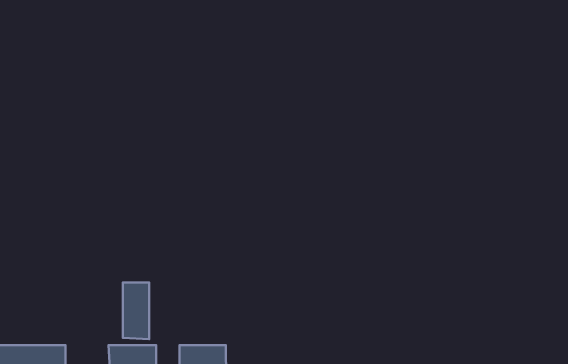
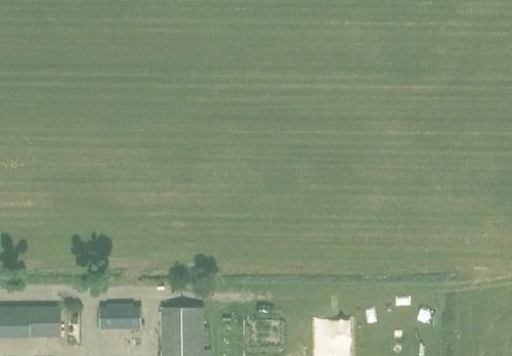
building: [123,282,149,339] -> none

